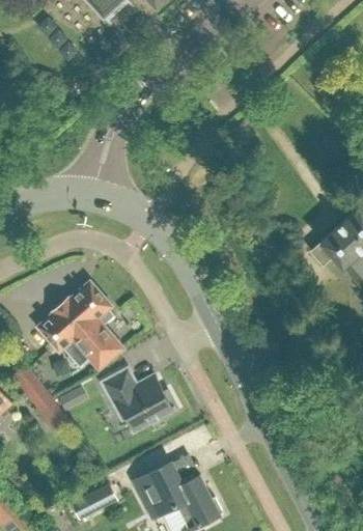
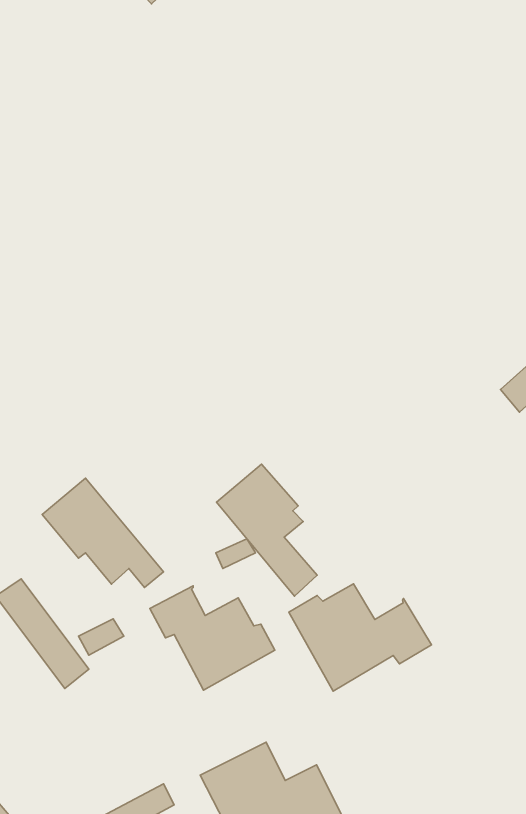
building: [63,281,123,360] -> [216,464,317,596]
building: none -> [289,584,431,691]

